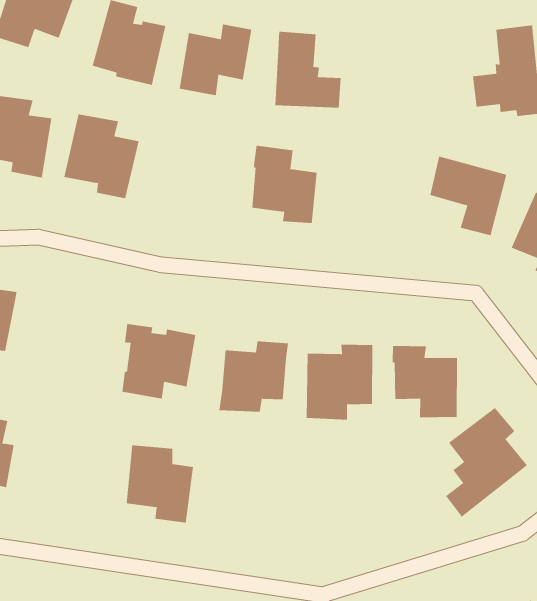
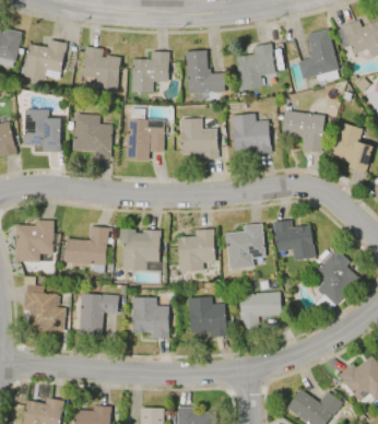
building: none -> [236,44,275,89]
building: none -> [127,118,168,161]
building: none -> [231,113,272,155]
building: none -> [64,226,113,266]
building: none -> [80,294,120,337]
building: none -> [189,297,228,338]
building: none -> [239,293,281,332]

